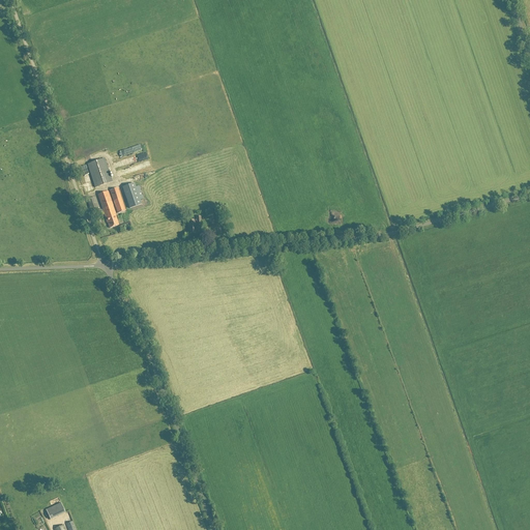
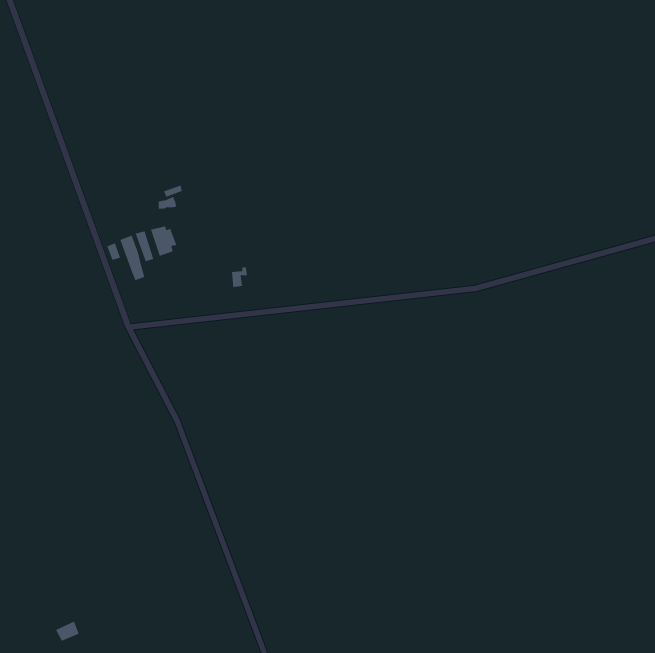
building: [86,157,111,186] -> none

